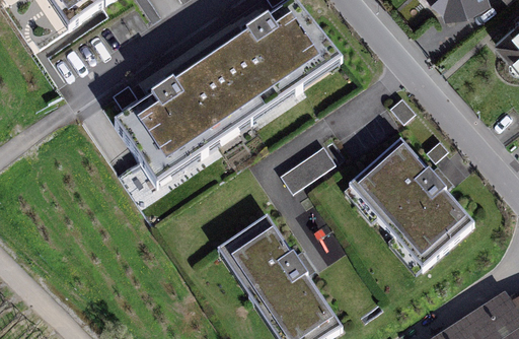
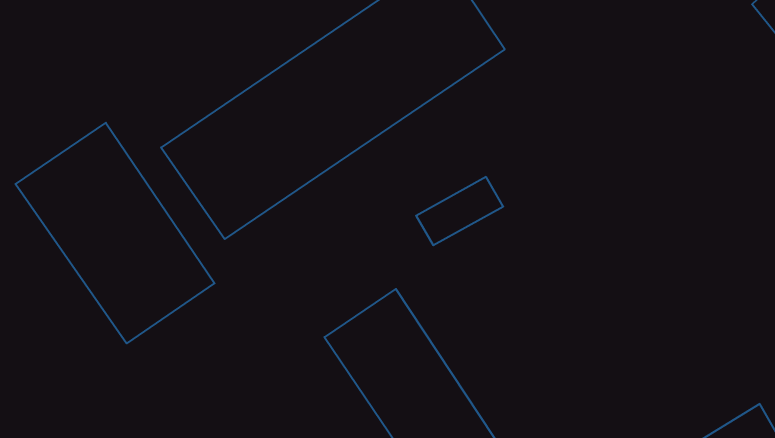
building: none -> [15,123,215,343]
building: [350,141,472,266] -> none

